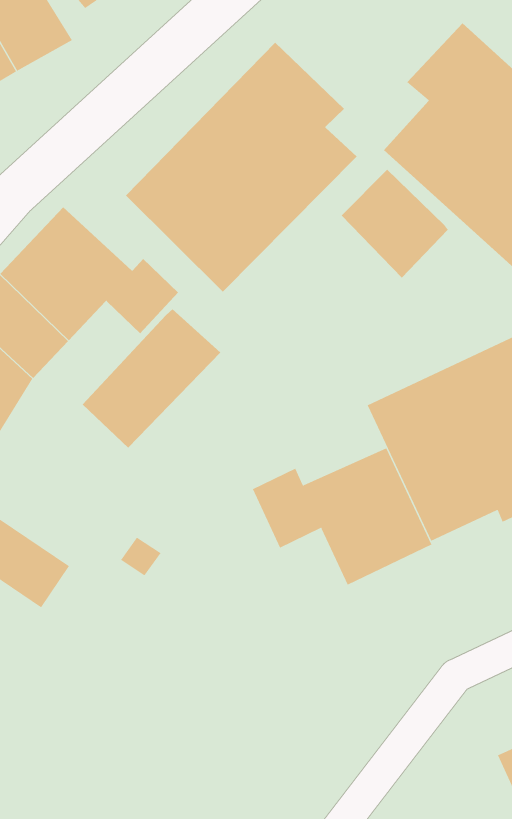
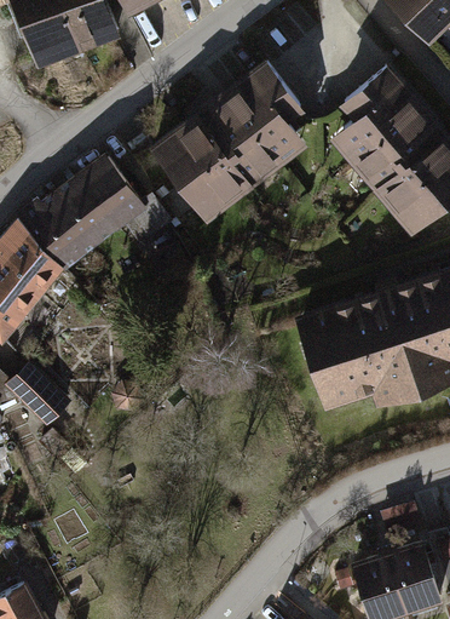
building: [341,169,449,278] -> none
building: [82,308,221,449] -> none
building: [252,448,432,586] -> none

